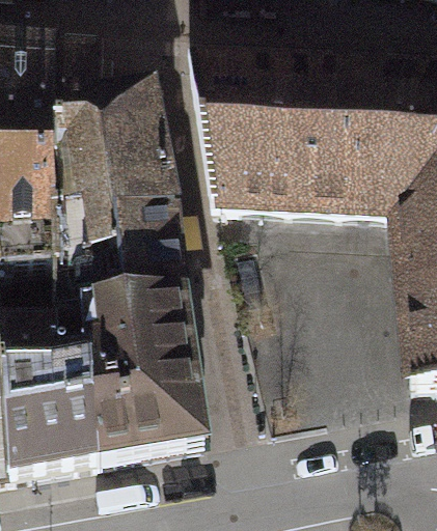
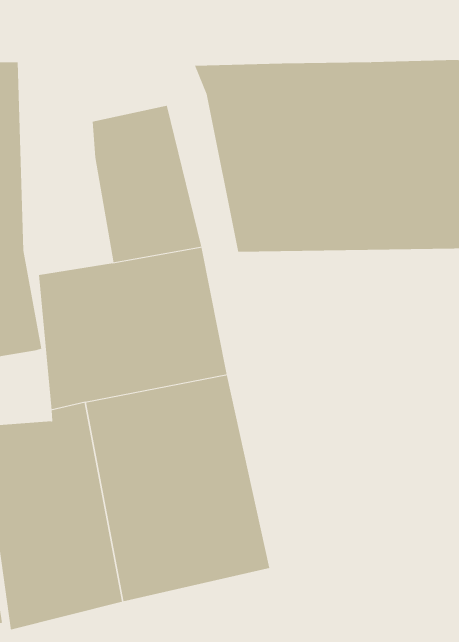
building: [52,43,110,214] -> none

